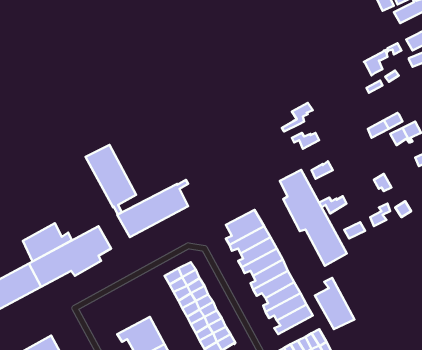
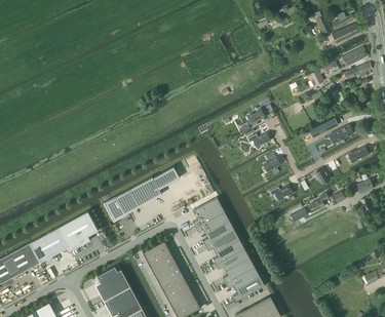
building: [85,145,136,214] -> none
building: [280,170,347,266] -> none
building: [23,223,72,261] -> none
building: [315,278,355,329] -> none
building: none -> [95,267,129,301]

